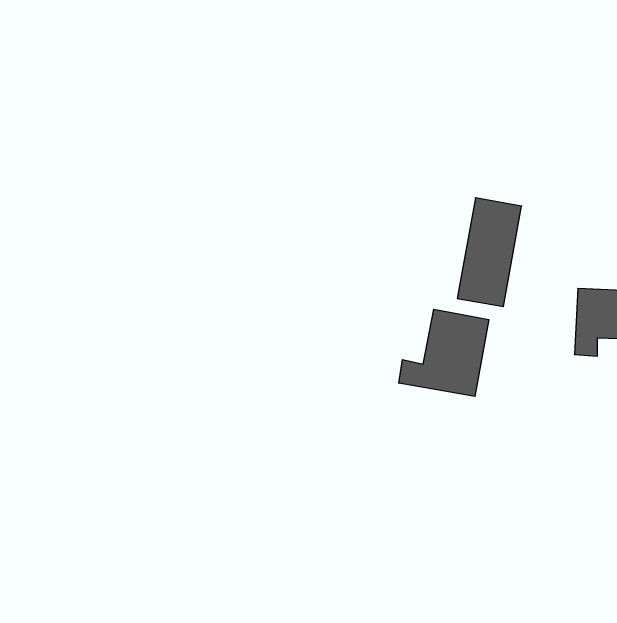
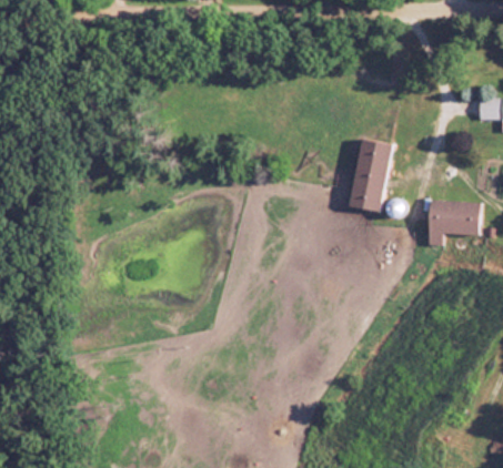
building: [399,309,489,396] -> none

